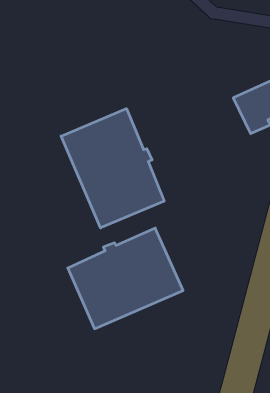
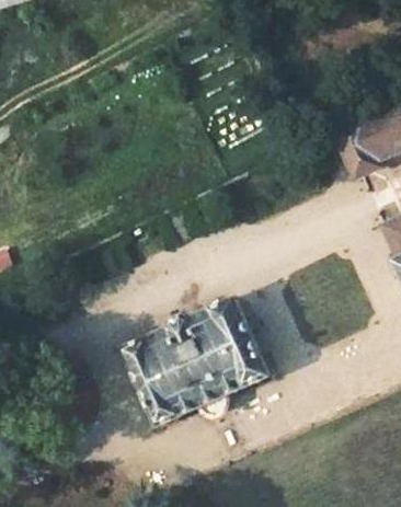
building: [61,109,164,228] -> none

